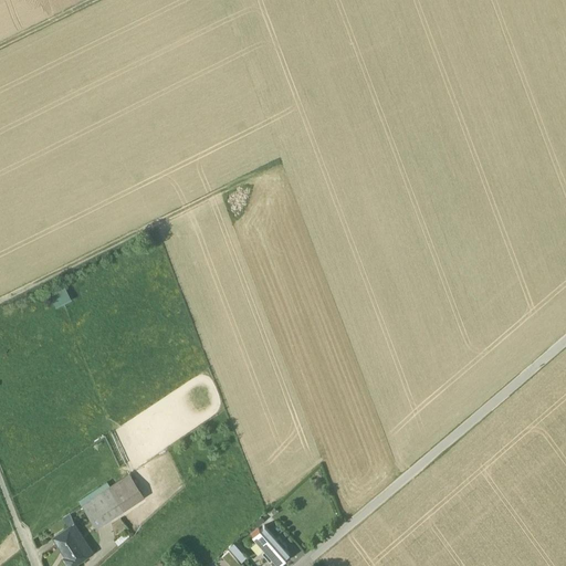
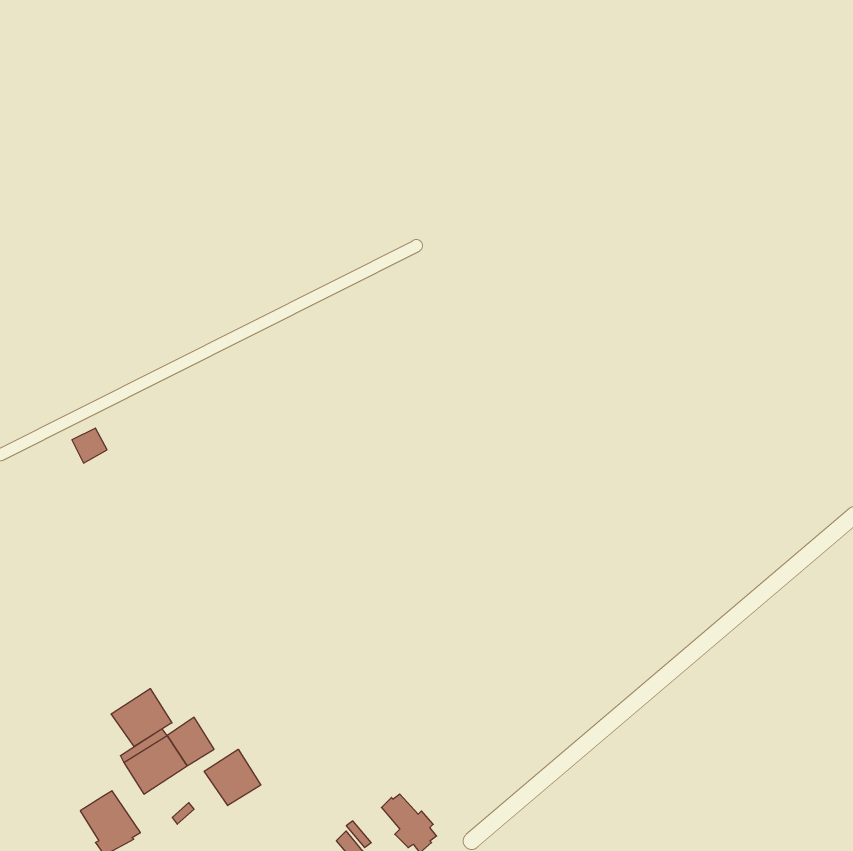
building: none -> [111,689,172,747]
building: none -> [204,749,261,806]

